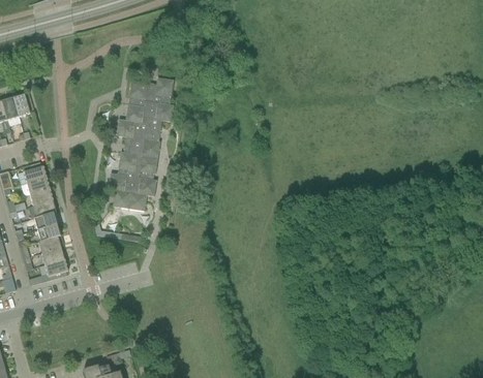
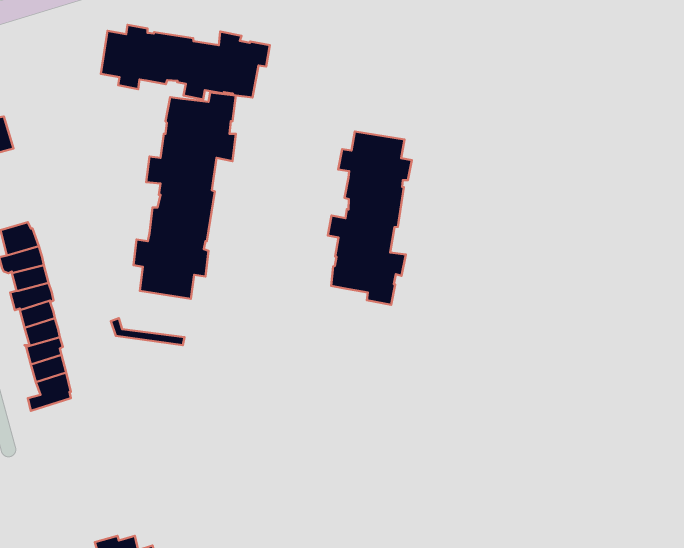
building: none -> [101,25,270,99]
building: none -> [328,132,412,305]

